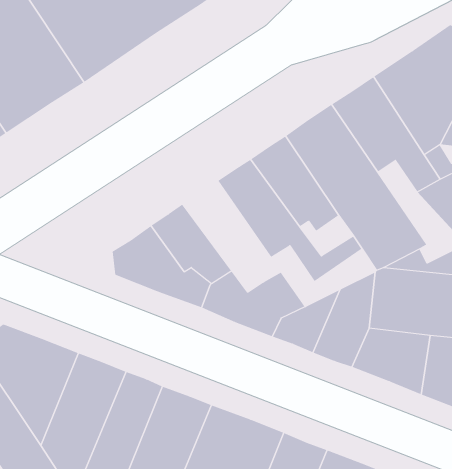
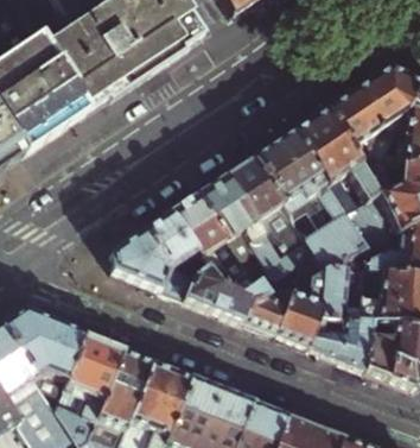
building: none -> [170,194,241,285]

